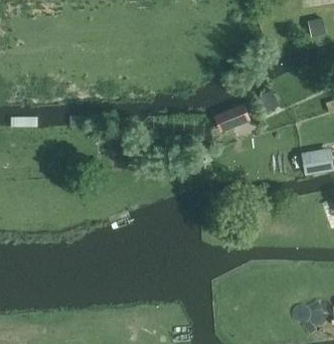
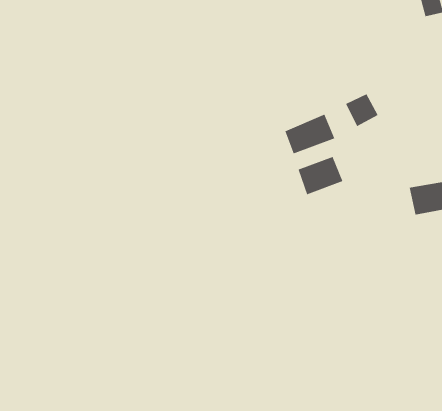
building: none -> [298,156,343,195]

